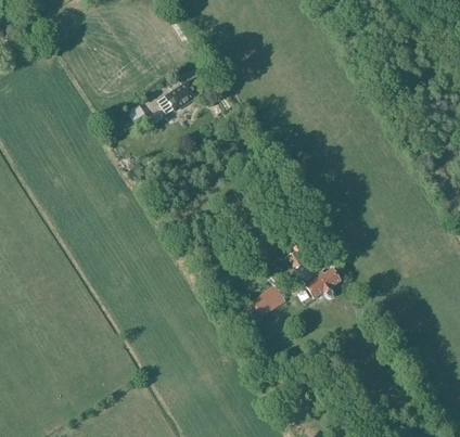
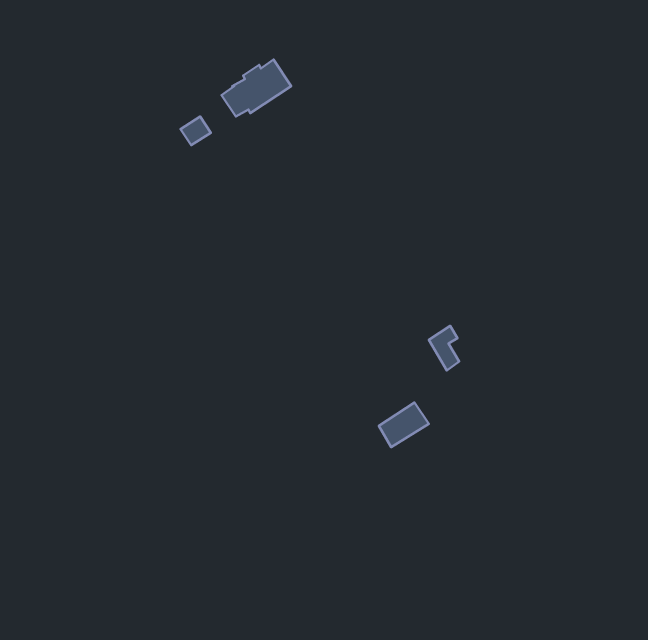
building: [305,269,340,298] -> none

